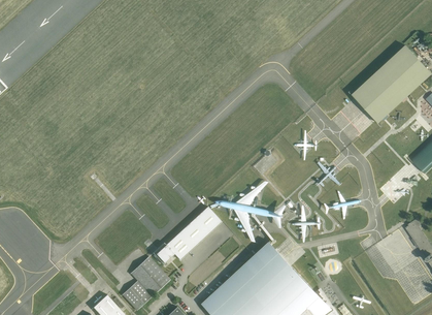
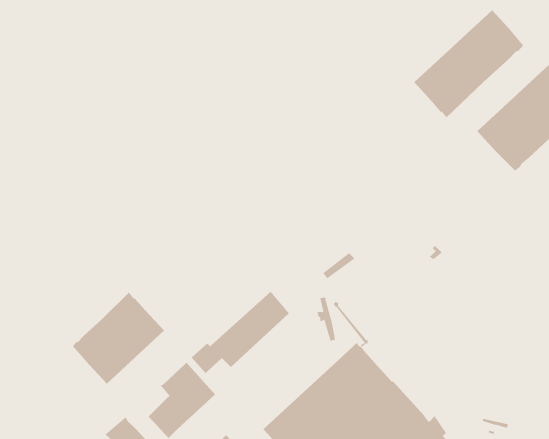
building: none -> [413,9,524,118]
building: none -> [72,292,165,385]

